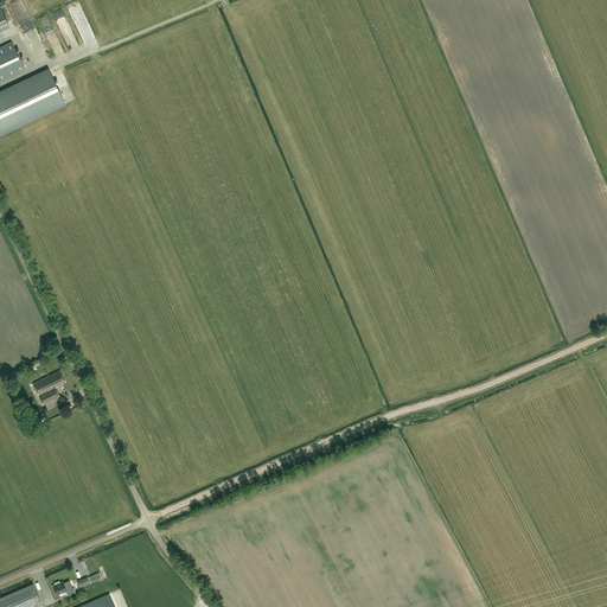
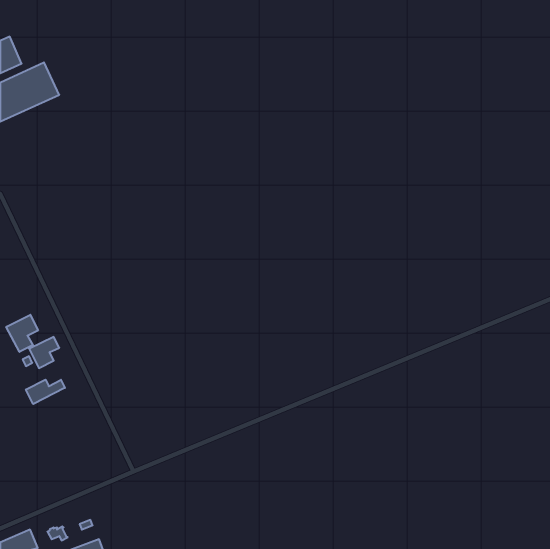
building: none -> [6,315,38,352]
building: none -> [26,380,65,404]

